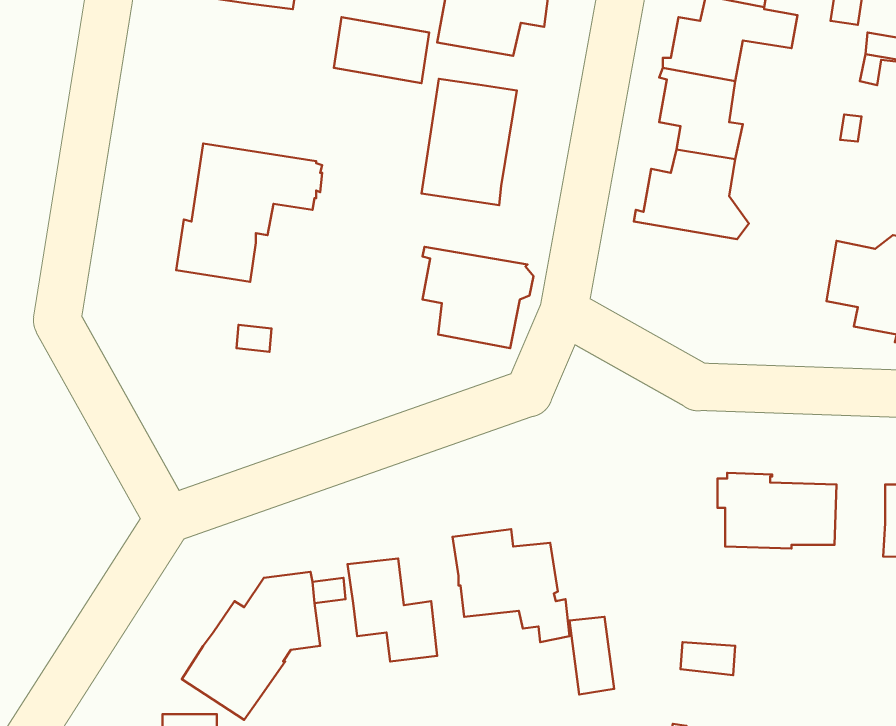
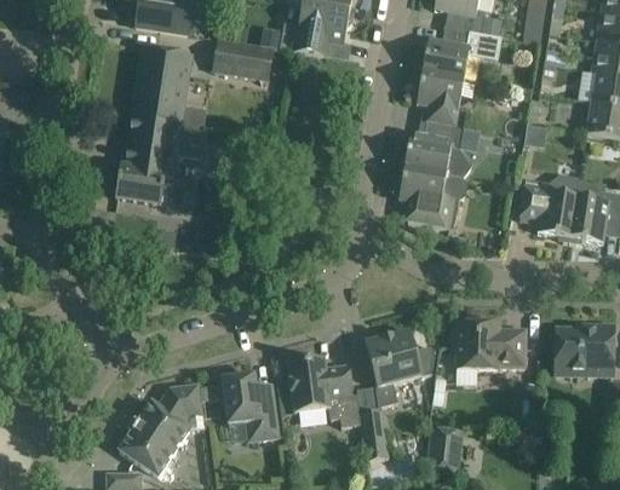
building: [421,79,517,205] -> [132,46,191,125]
building: [422,247,533,348] -> [398,166,467,229]
building: none -> [366,330,435,407]

